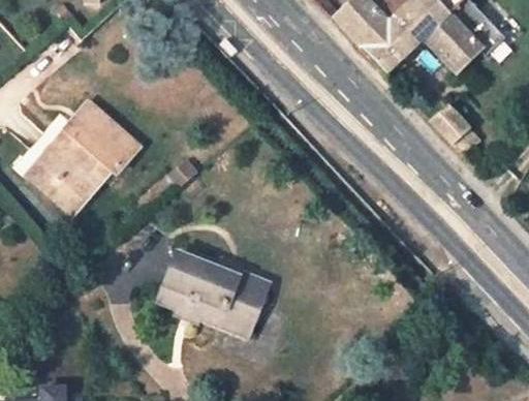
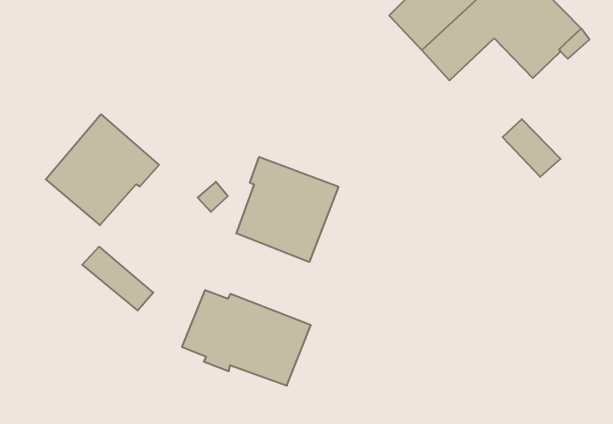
building: none -> [236,157,338,262]
building: [25,158,86,213] -> [82,247,153,311]

